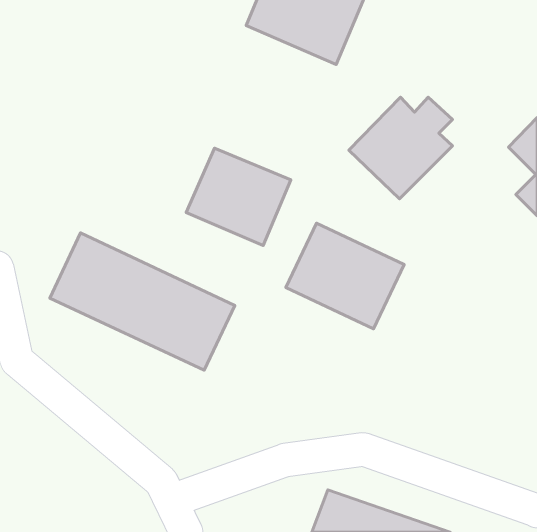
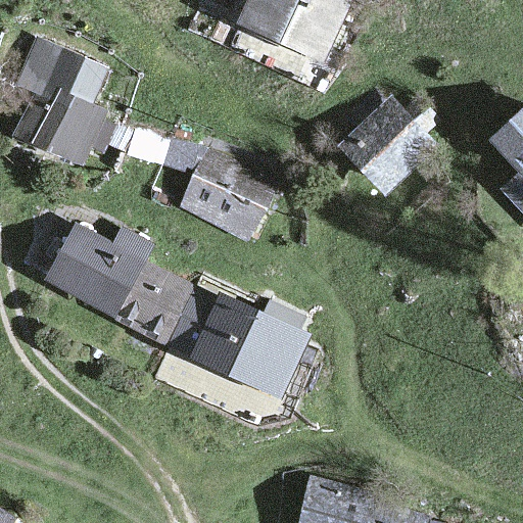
building: none -> [8,34,114,171]
building: [286,223,404,329] -> [197,295,312,397]

